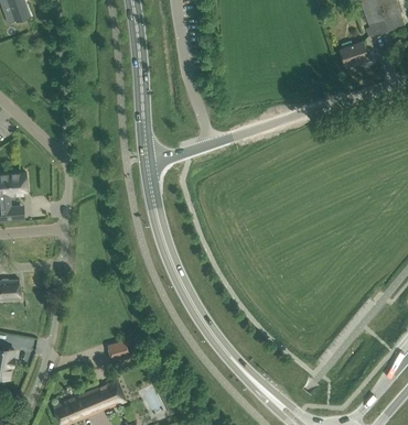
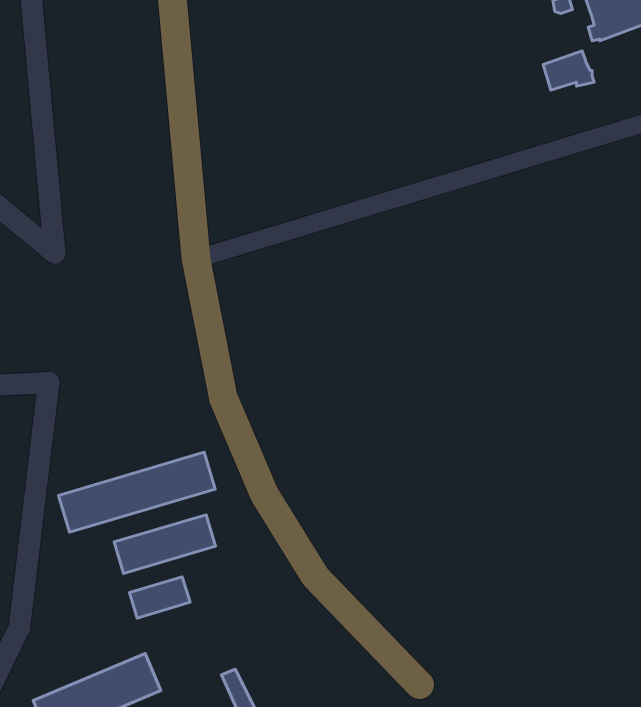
building: none -> [59,452,215,532]
building: none -> [114,515,215,574]

